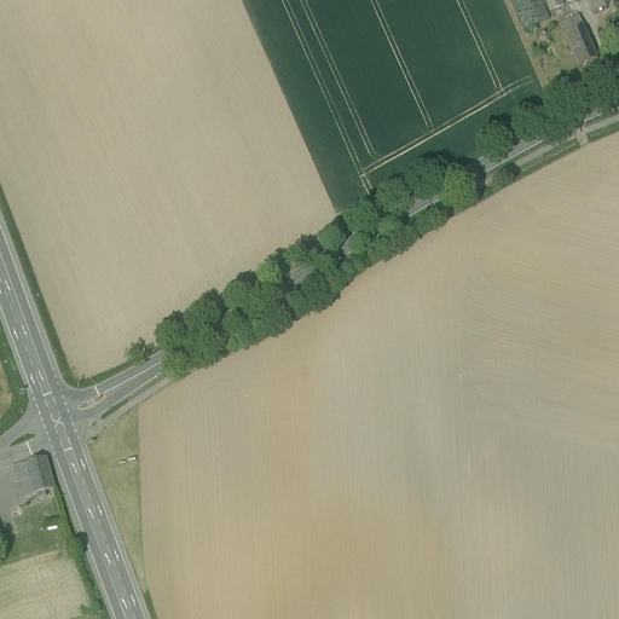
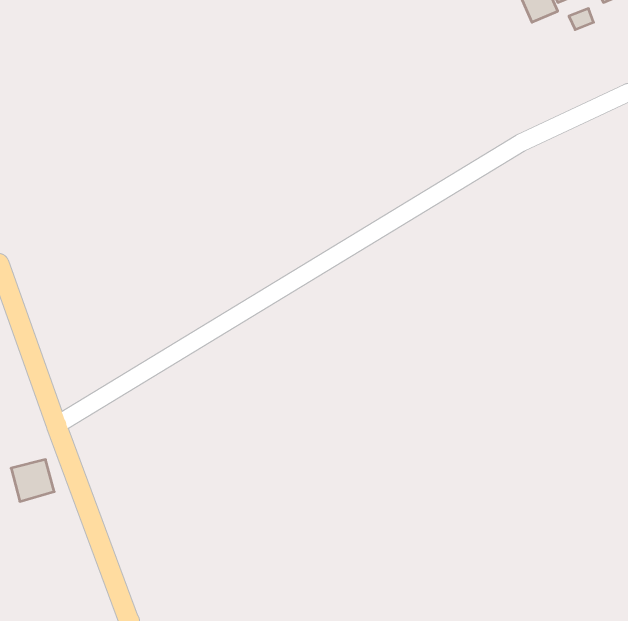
building: [565,22,596,59] -> none

